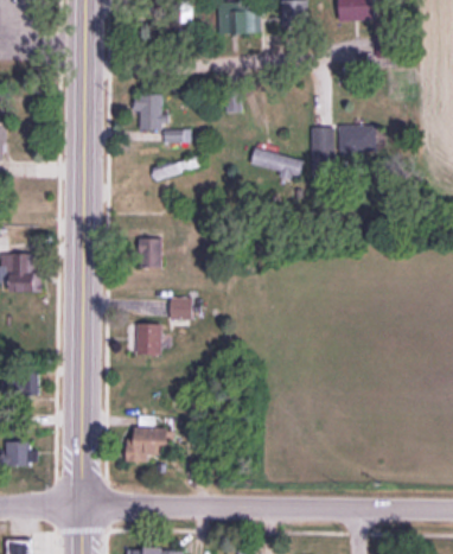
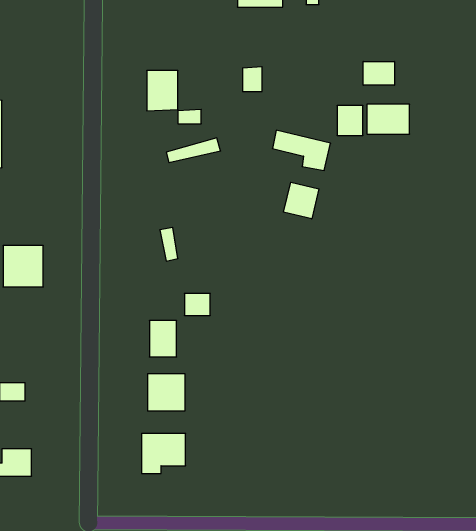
building: none -> [363,61,394,85]
building: none -> [284,182,319,219]
building: none -> [148,374,185,411]

